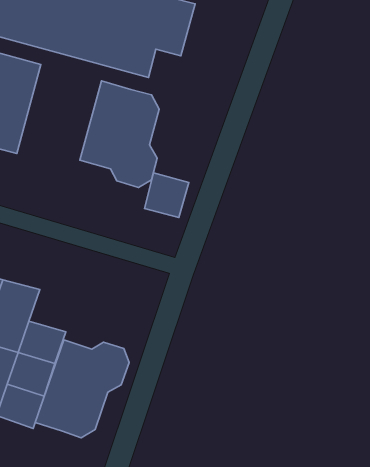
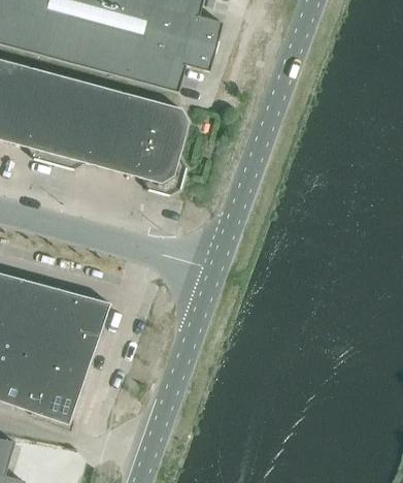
building: none -> [53,78,133,169]
building: [144,173,189,218] -> none
building: none -> [64,292,109,332]
building: [35,340,129,438] -> none

